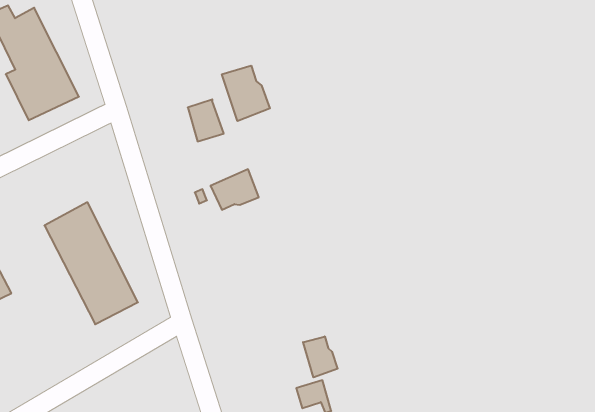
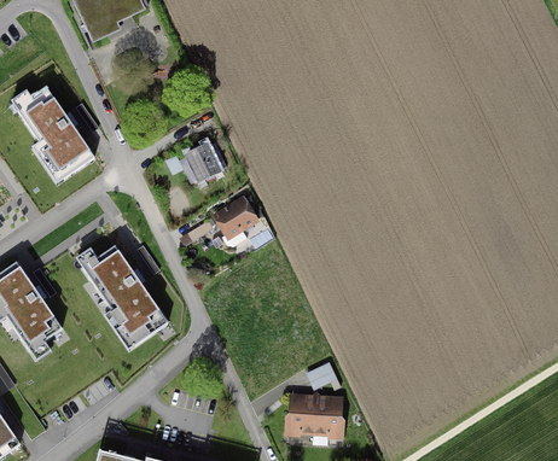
building: [222,66,270,121] -> none
building: [303,336,338,377] -> none

